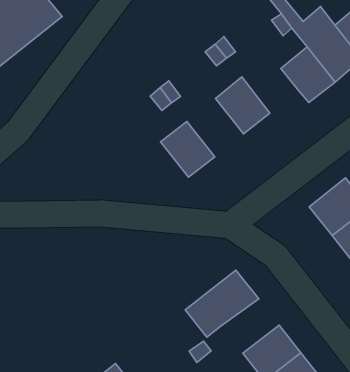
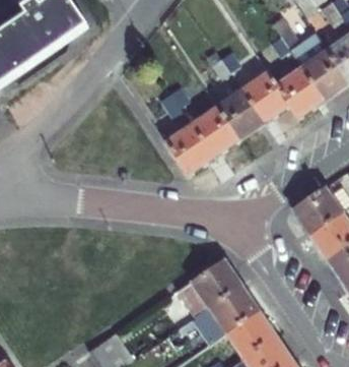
building: none -> [241,71,290,123]
building: none -> [191,107,239,158]
building: none -> [208,285,259,331]

